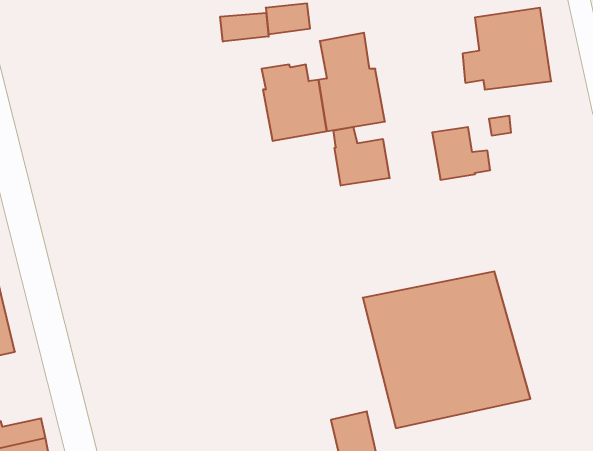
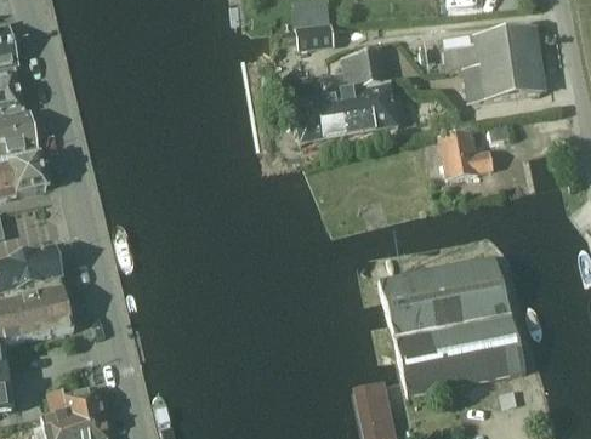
building: [220,13,269,42] -> none
building: none -> [443,34,481,68]
building: [333,127,390,186] -> none

